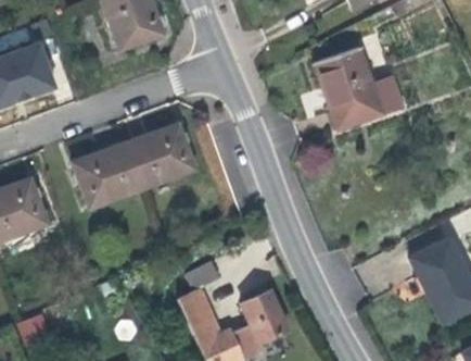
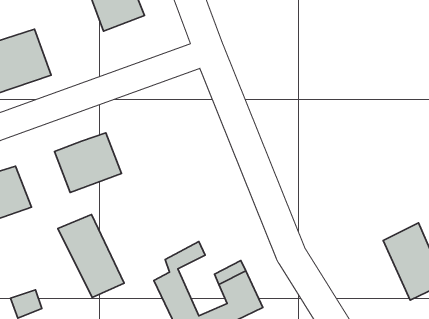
building: [308,47,395,130] -> none
building: [123,126,194,189] -> none
building: none -> [58,214,124,298]

